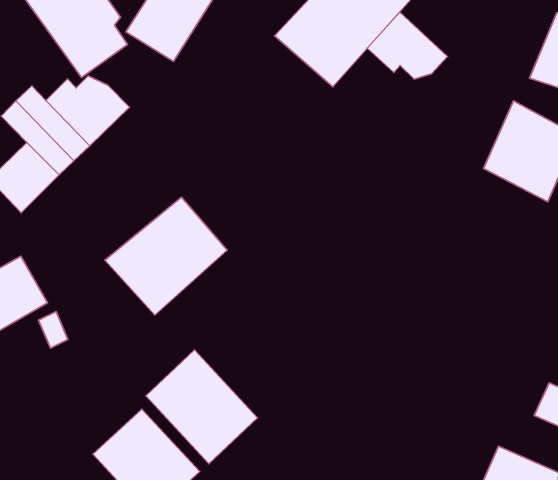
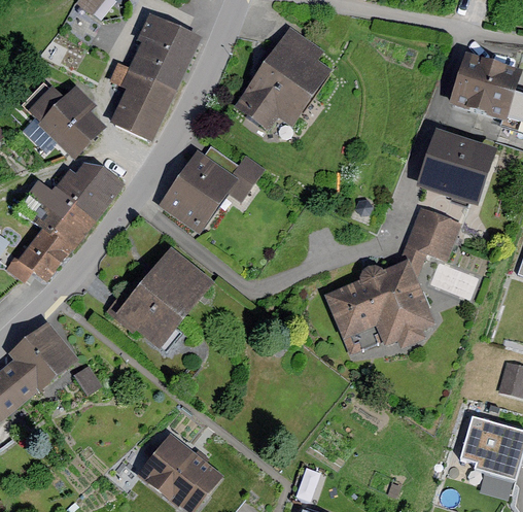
building: [367,12,447,79] -> none
building: none -> [167,146,268,237]
building: none -> [330,208,461,352]
building: [146,350,257,464] -> none

